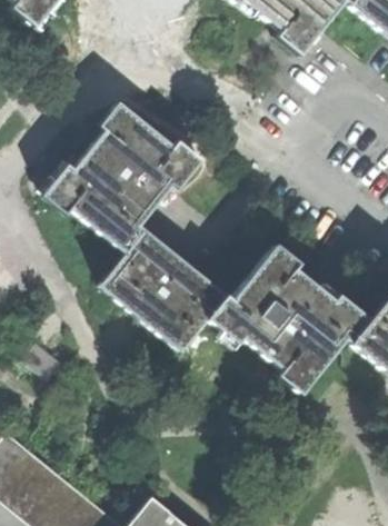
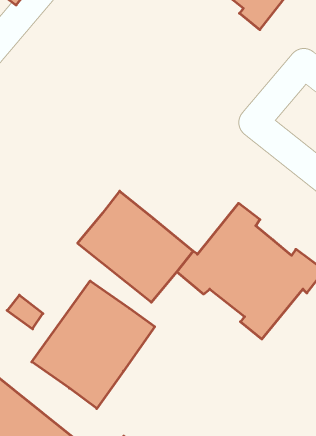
building: [42,102,200,255] -> none
building: none -> [32,281,155,409]

